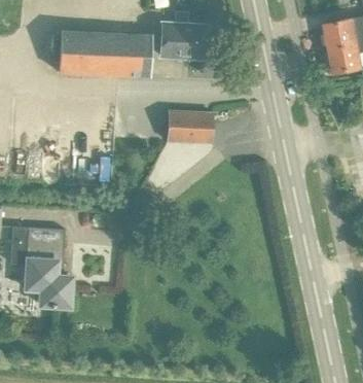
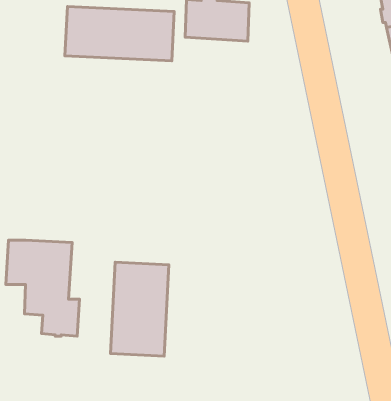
building: [167,110,212,143] -> none
building: none -> [110,262,169,356]

